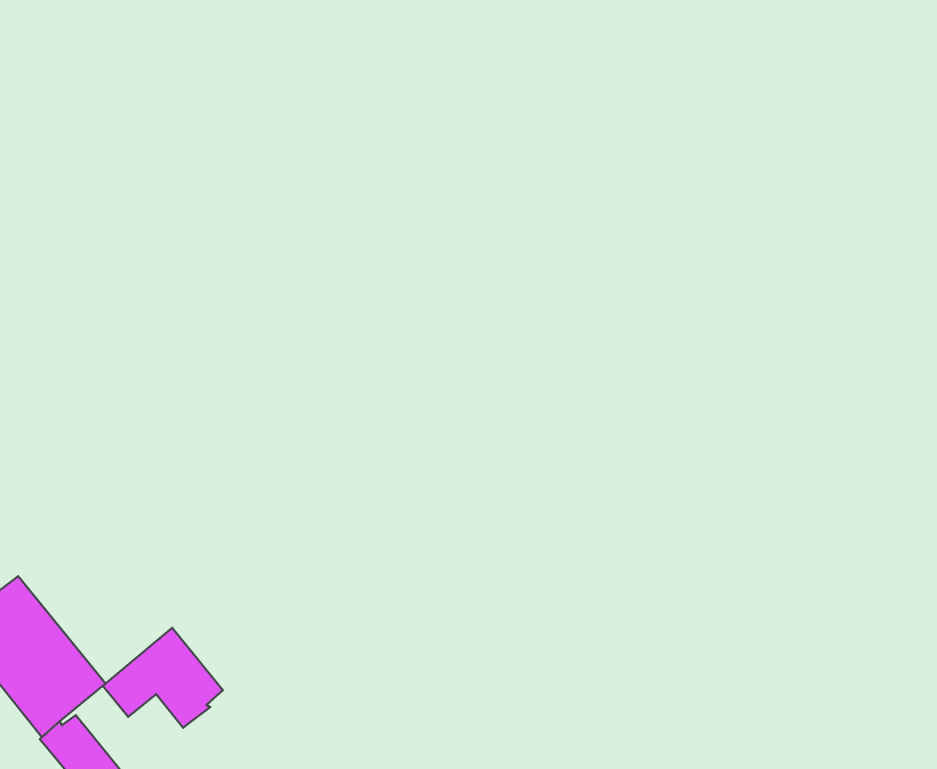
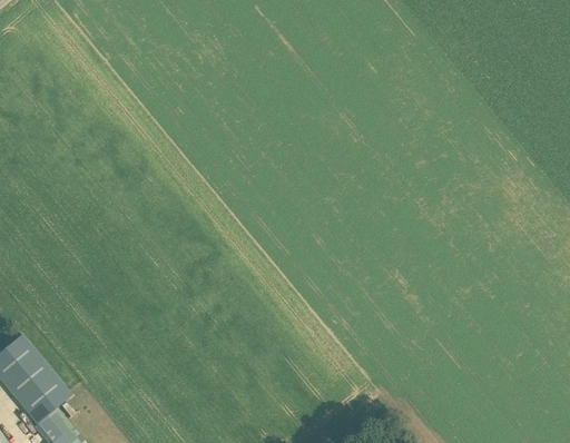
building: [103,628,223,728] -> none

